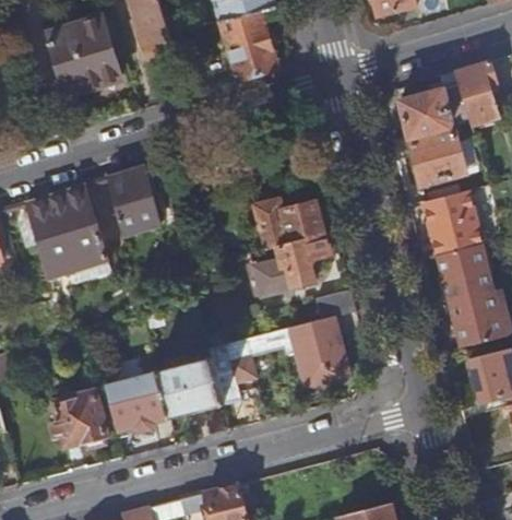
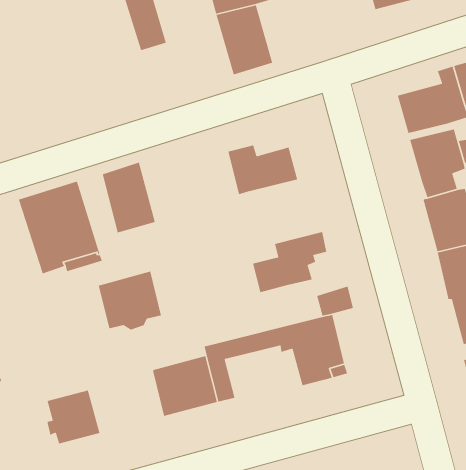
building: [47,17,119,96] -> none
building: [255,199,325,249] -> [227,144,298,195]
building: [105,373,168,432] -> [98,271,162,330]

